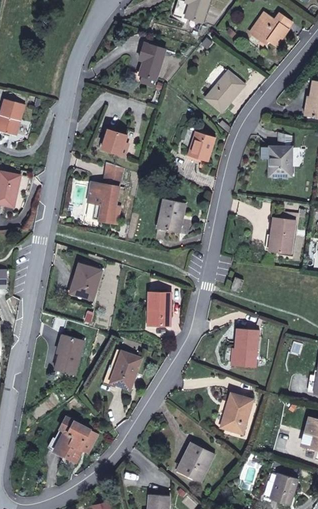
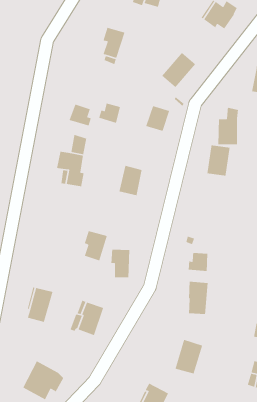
building: none -> [98,103,121,124]
building: [268,217,295,253] -> [207,144,231,177]
building: [74,264,101,299] -> [84,230,108,261]
building: none -> [188,252,208,272]

